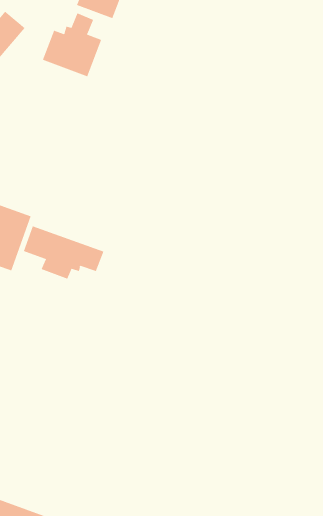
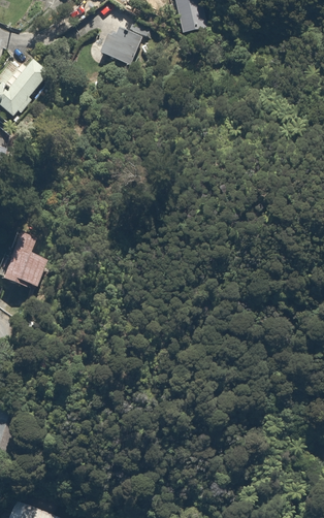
building: [42,12,102,77] -> none
building: [23,226,104,280] -> none

